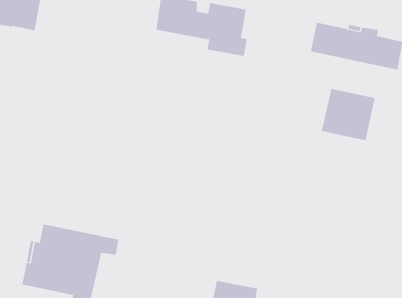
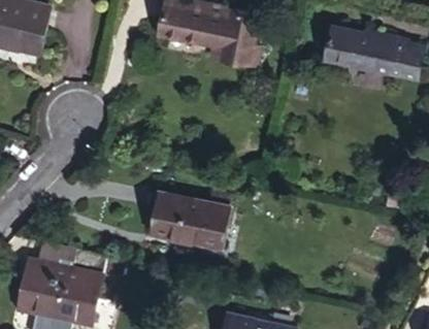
building: [321,88,375,141] -> none
building: none -> [145,195,222,249]

